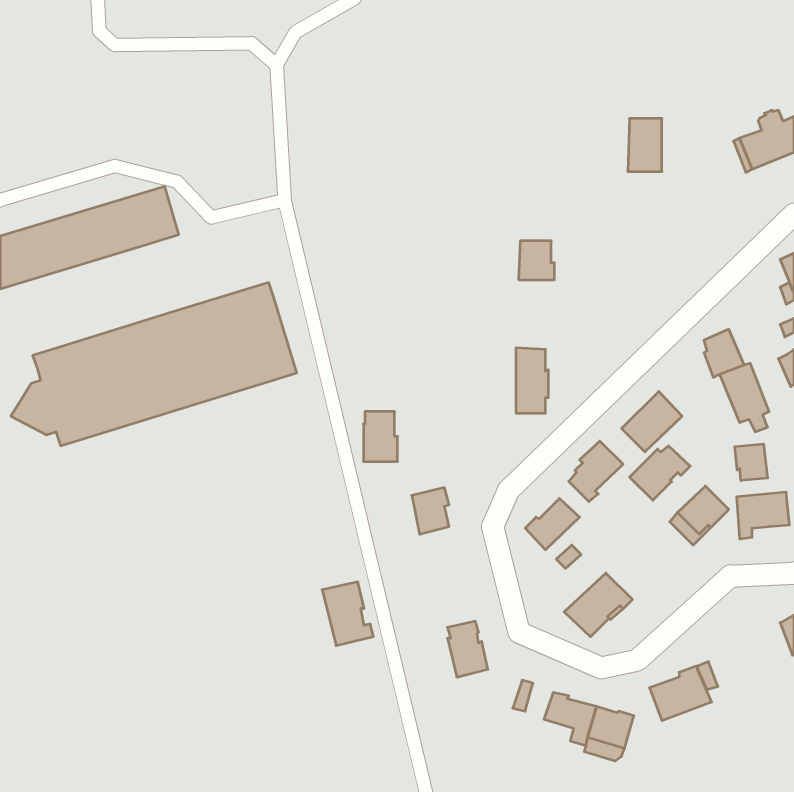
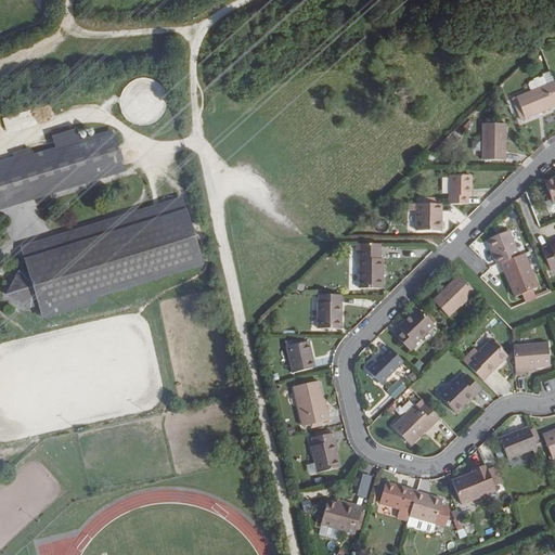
building: [628,119,662,171] -> [481,122,505,159]
building: [519,241,554,280] -> [415,204,440,231]
building: none -> [449,176,469,204]
building: [363,412,398,461] -> [318,295,341,330]
building: [735,444,768,481] -> none
building: [630,446,690,500] -> [440,375,482,413]
building: [322,582,373,646] -> [294,383,330,427]
building: none -> [500,426,537,457]
building: none -> [322,501,363,533]

